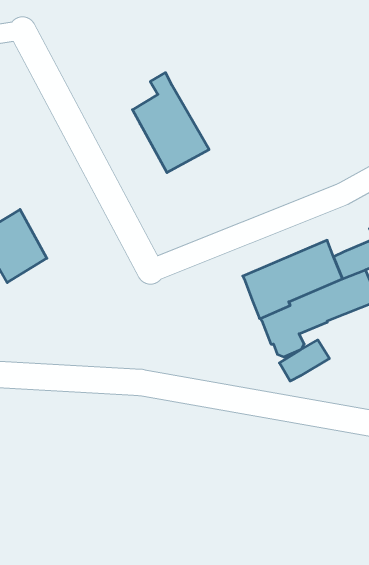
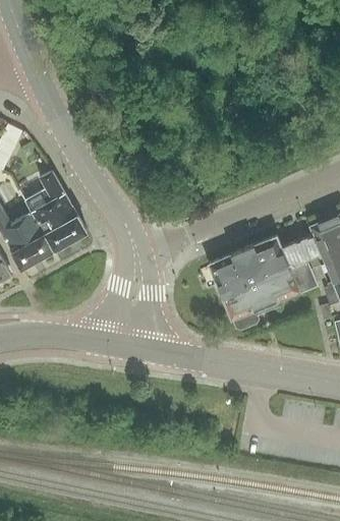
building: [132,73,209,173] -> [26,171,88,250]
building: [279,340,329,381] -> none

